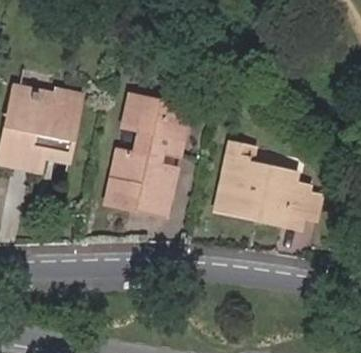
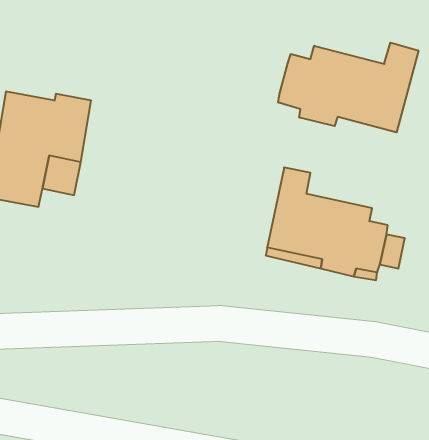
building: none -> [278,43,418,132]
building: [104,96,186,213] -> none

